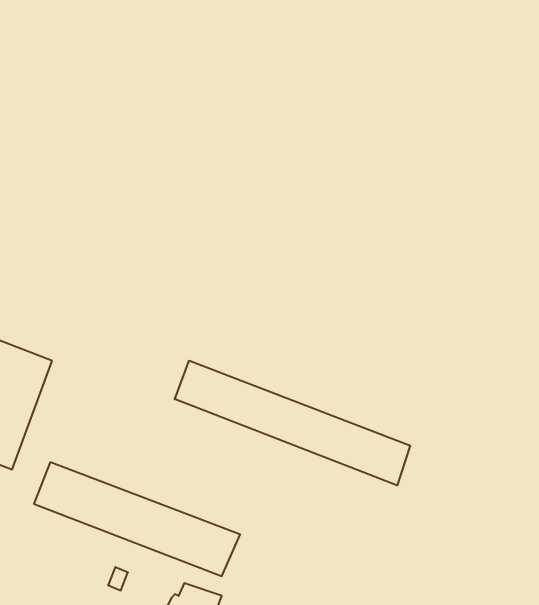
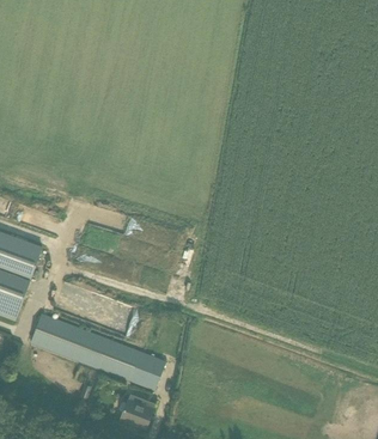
building: [175,361,410,485] -> none

